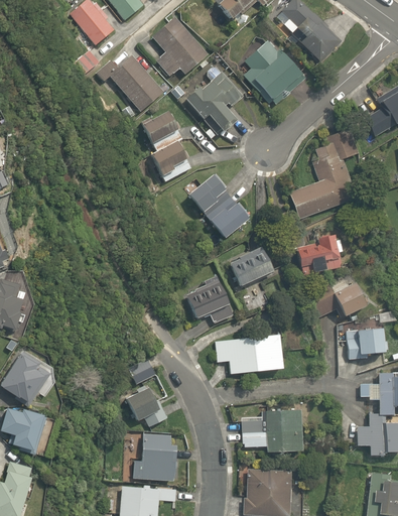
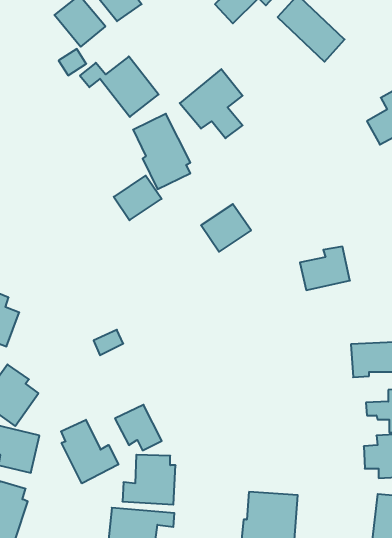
building: [155,18,212,79] -> none
building: [243,39,302,100] -> none
building: [288,130,358,220] -> none
building: [188,173,234,216] -> [114,176,162,220]
building: [230,248,279,288] -> none
building: [186,275,235,324] -> none
building: [314,282,369,317] -> none
building: [214,334,282,374] -> none
building: [127,359,155,383] -> [94,330,123,355]
building: none -> [61,420,118,483]
building: [241,409,307,453] -> none

